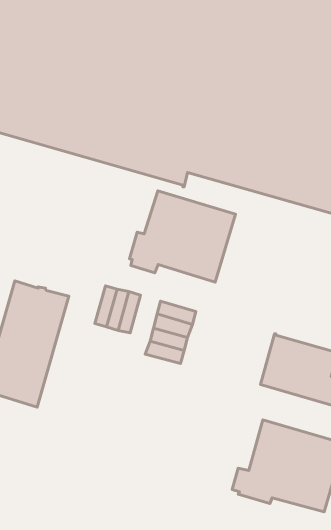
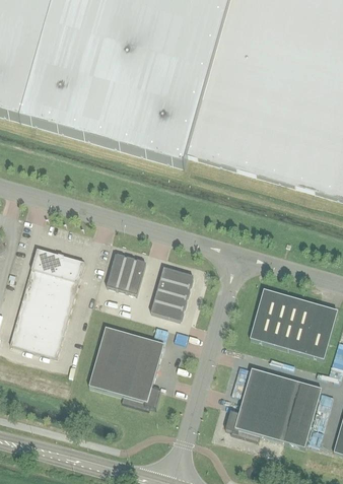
building: [129,191,236,282] -> none
building: none -> [89,326,164,408]

